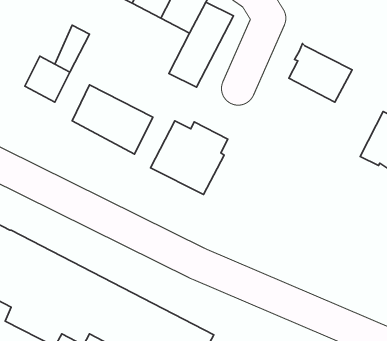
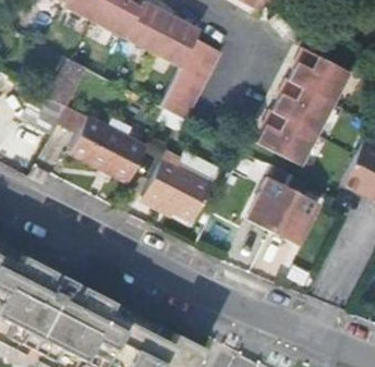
building: none -> [289,46,350,101]
building: none -> [257,108,317,163]
building: none -> [250,175,317,238]

